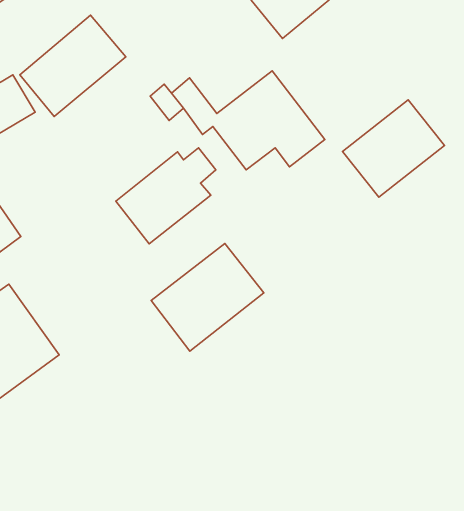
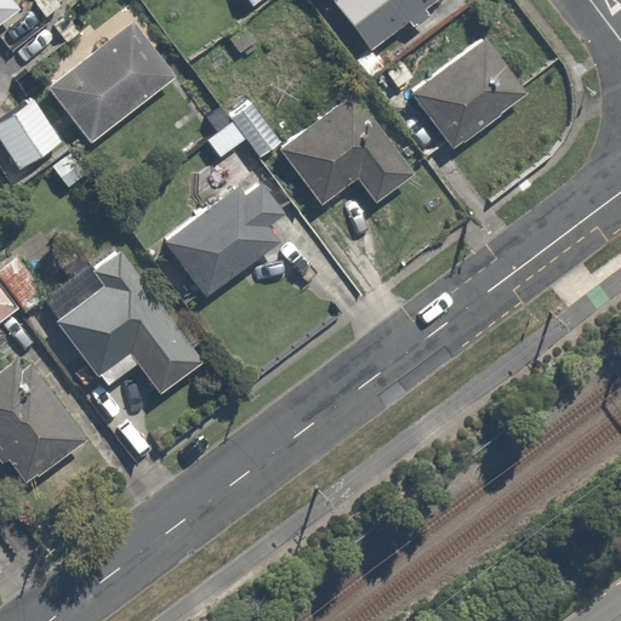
building: [343,100,445,197] -> [404,35,526,152]
building: none -> [46,251,200,392]
building: [151,243,264,351] -> none

